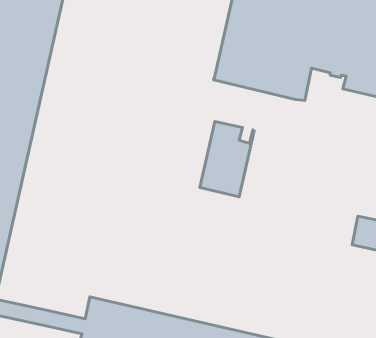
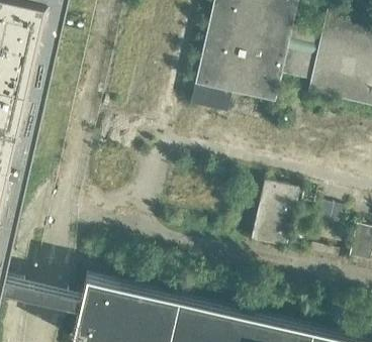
building: [200,122,254,197] -> [250,189,297,254]

